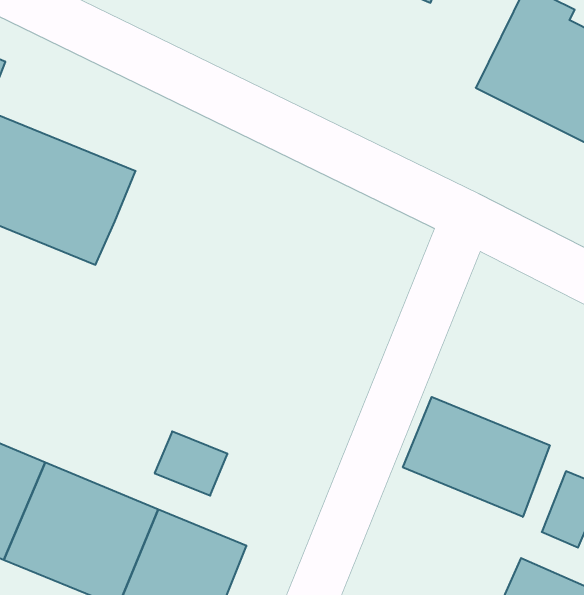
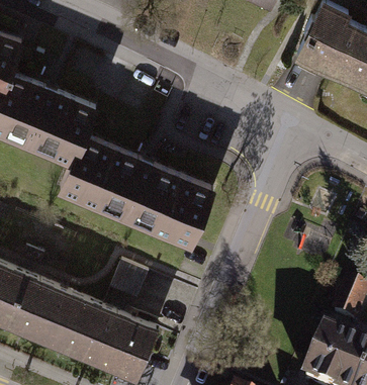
building: none -> [60,133,213,243]
building: [403,397,550,517] -> none

